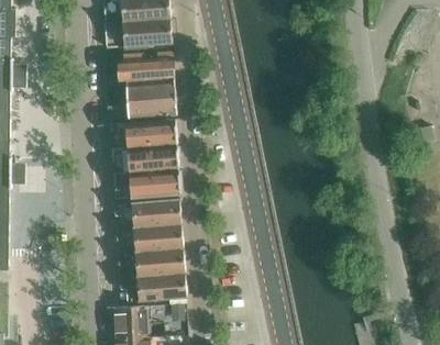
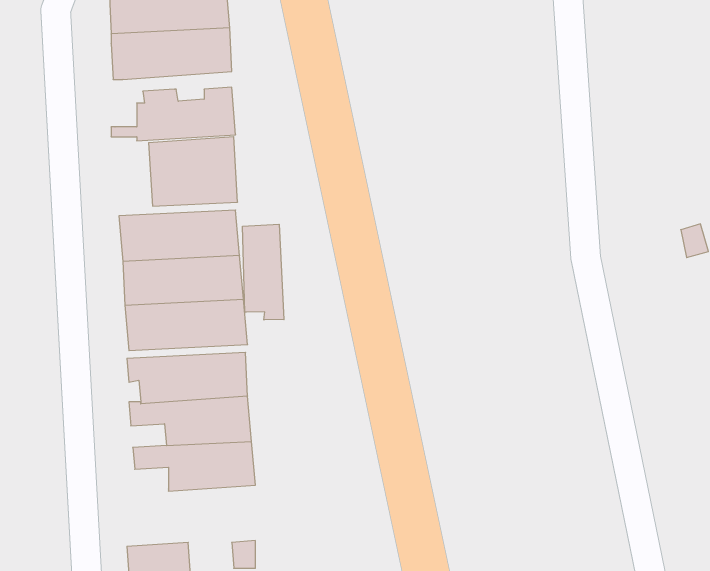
building: none -> [243,224,284,320]
building: [119,274,186,301] -> none

